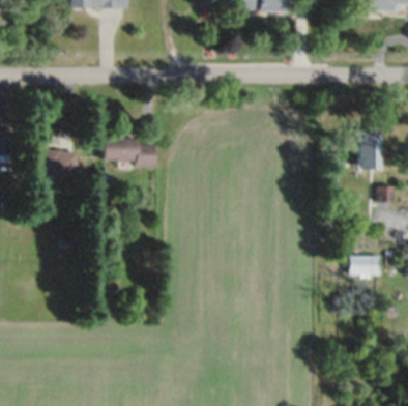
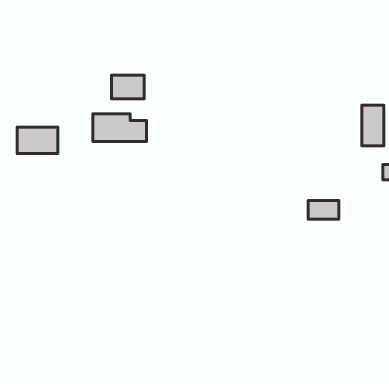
building: none -> [111,75,144,99]
building: [350,257,379,274] -> [308,200,339,219]

